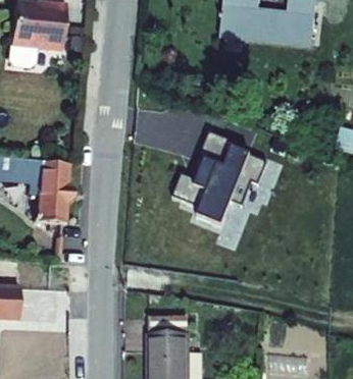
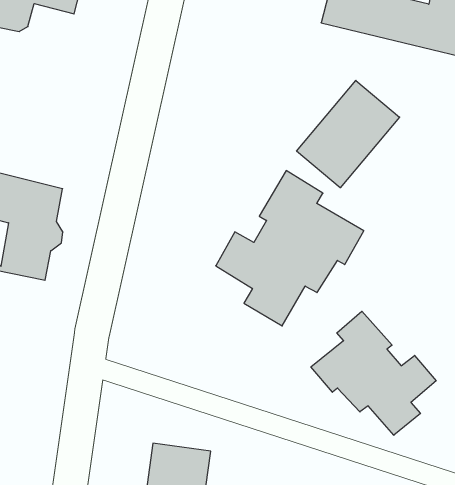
building: none -> [297,80,400,188]
building: none -> [311,311,436,435]

